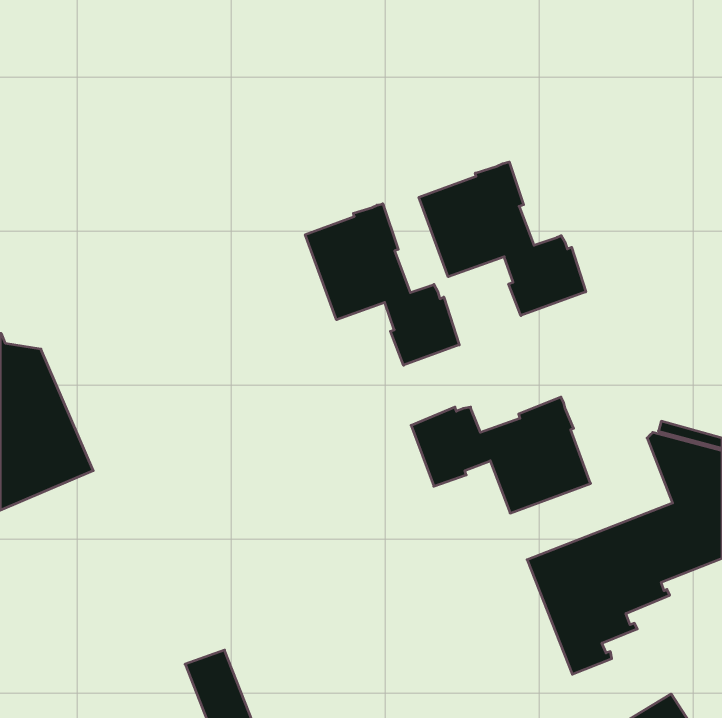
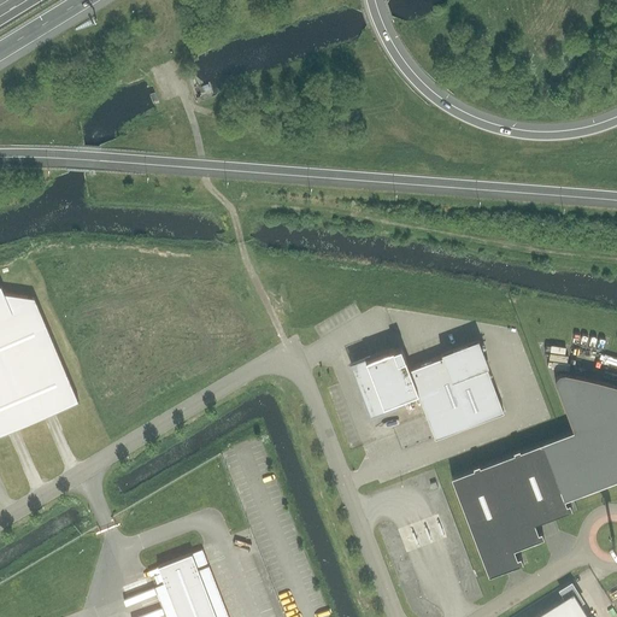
building: [419,162,586,316] -> none
building: [305,204,459,365] -> none

